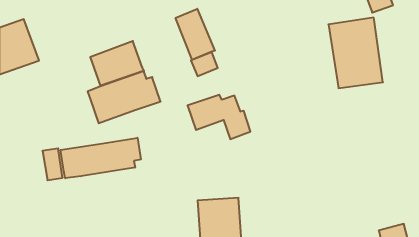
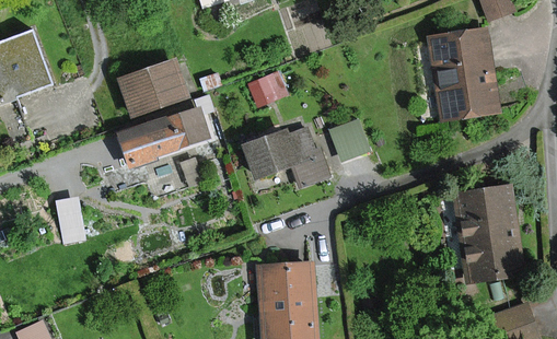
building: [176,9,215,60] -> none
building: none -> [328,121,367,162]
building: [60,138,141,178] -> none
building: none -> [460,188,521,282]

